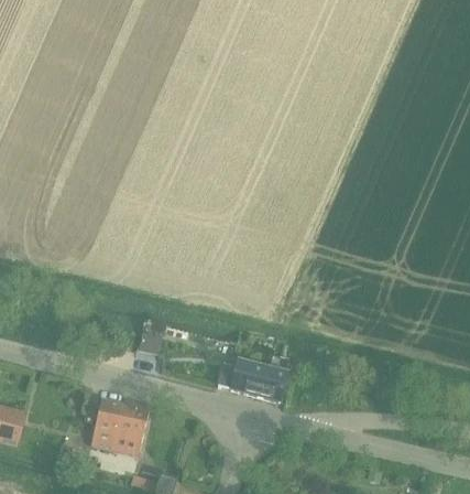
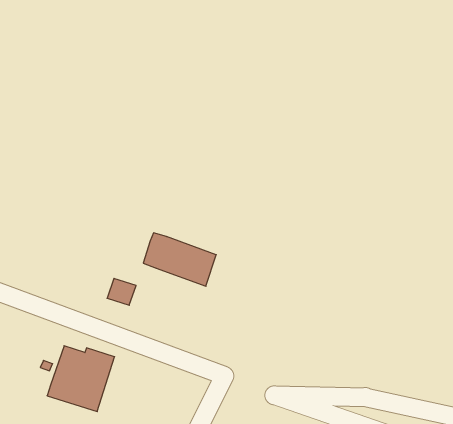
building: [219,357,285,401] -> [143,233,216,286]

